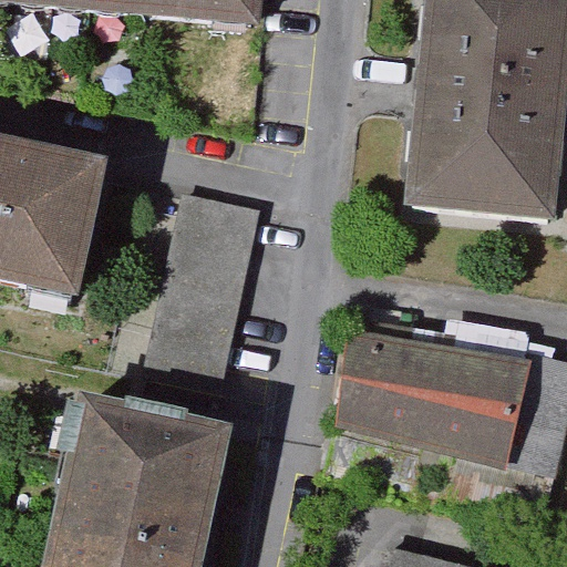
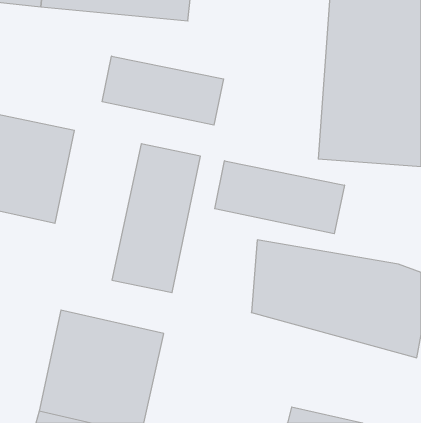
building: none -> [102,56,224,125]
building: none -> [215,161,344,234]

